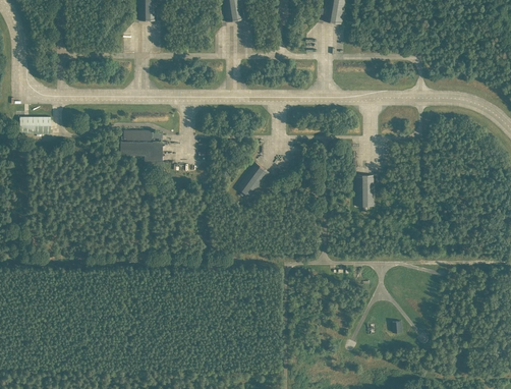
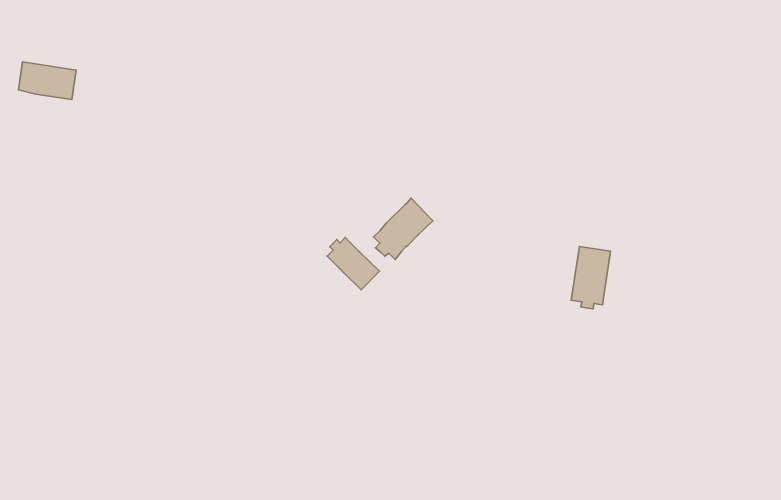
building: [121,130,164,164] -> none
building: none -> [327,238,379,290]

